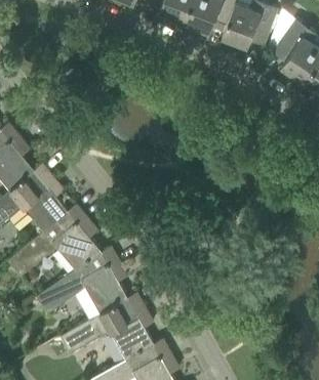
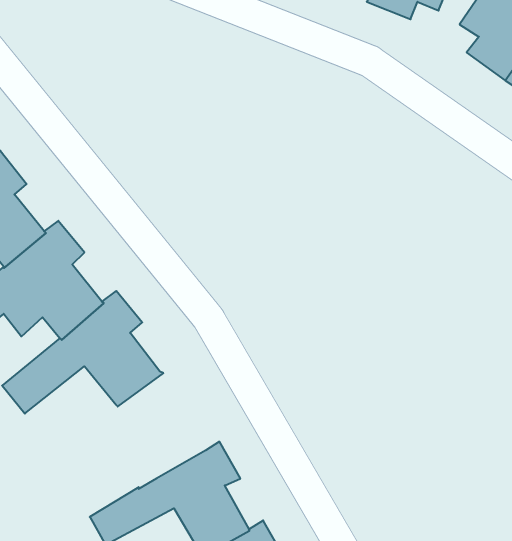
building: [37,247,127,314] -> none

